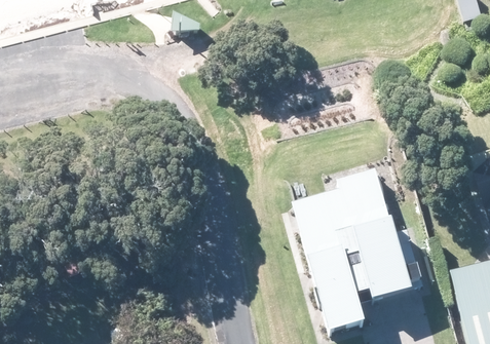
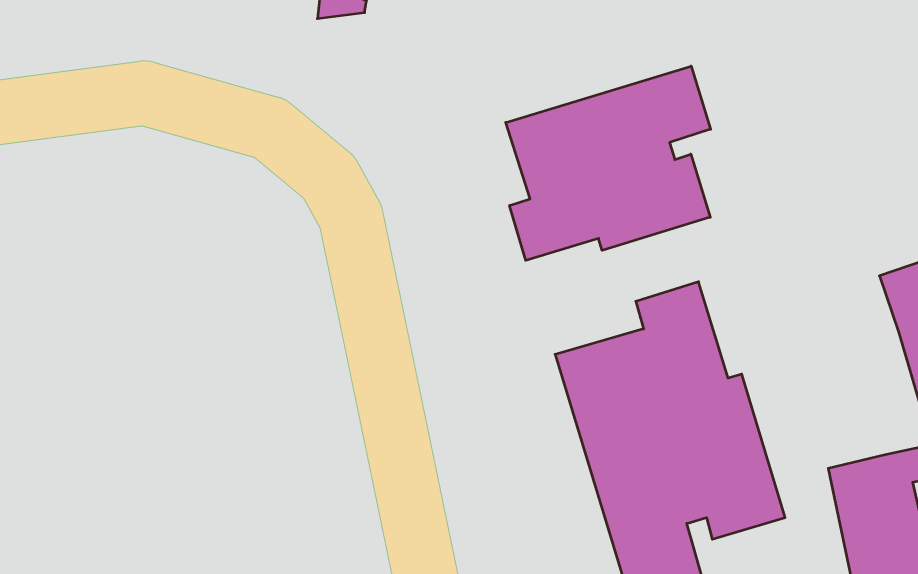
building: none -> [506,66,711,260]

